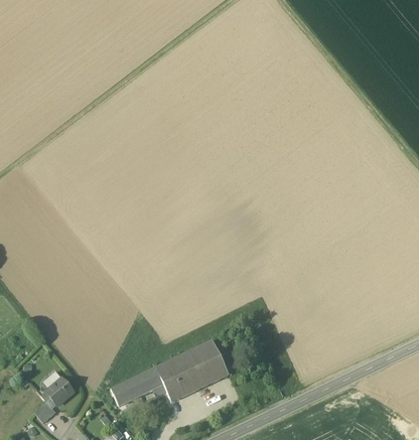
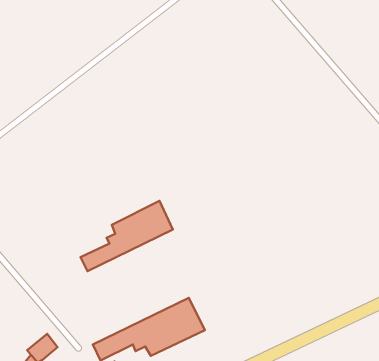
building: none -> [81,201,173,271]

